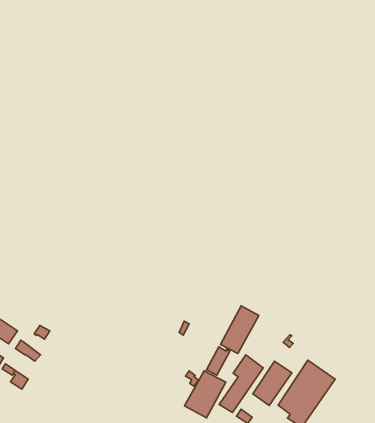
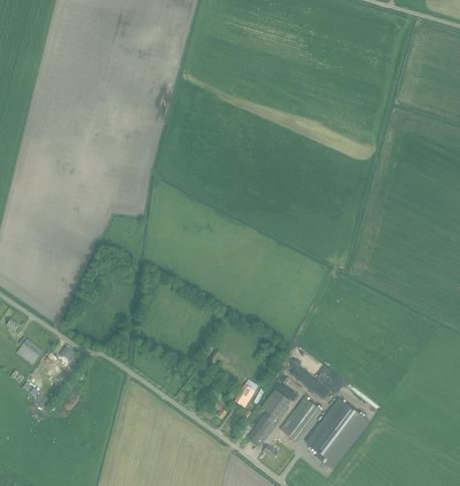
building: [221,306,259,353] -> none
building: [184,371,226,418] -> none

